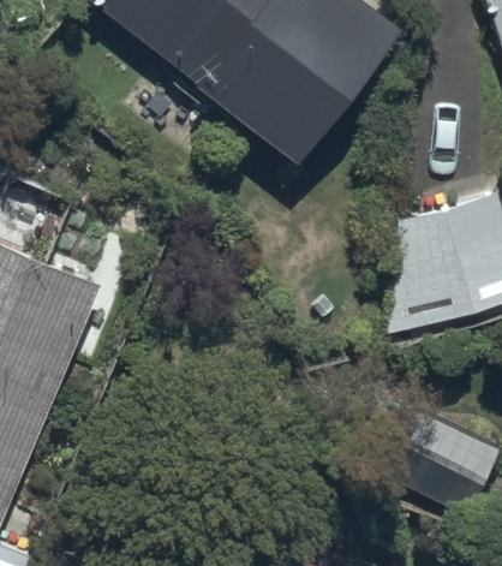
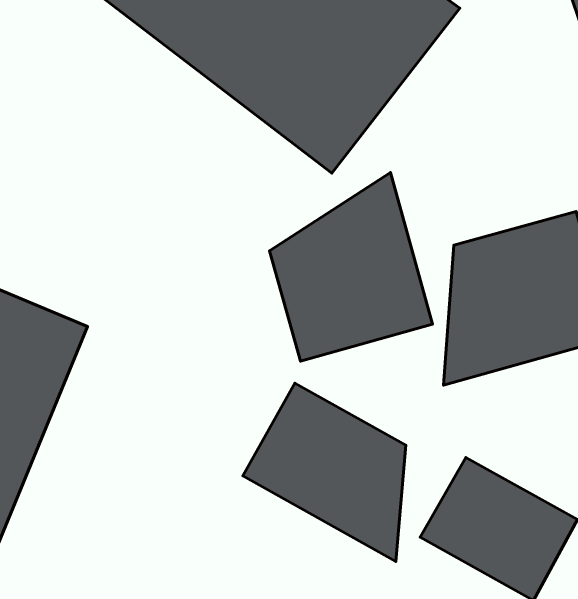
building: none -> [269,172,433,361]
building: none -> [243,383,406,562]

